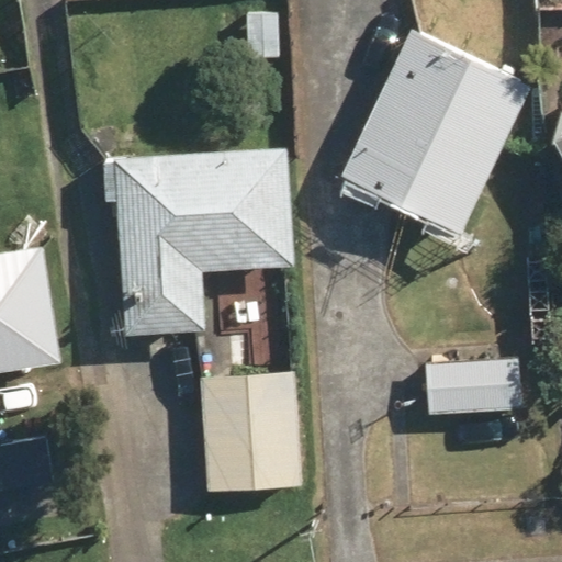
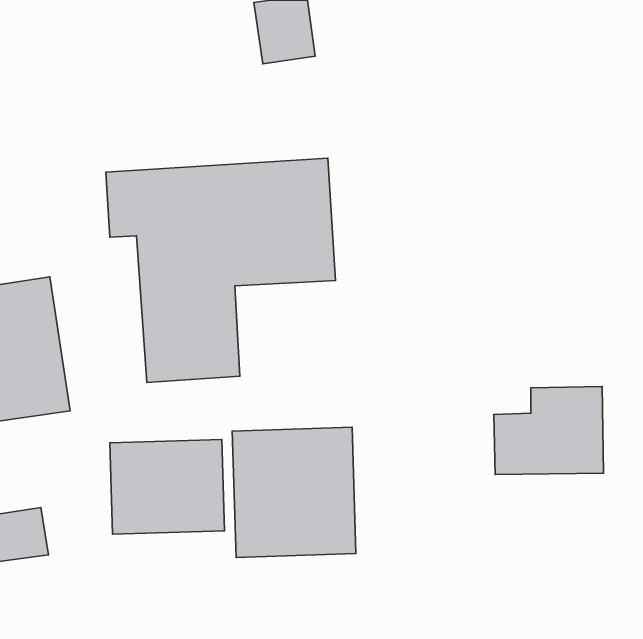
building: [344,27,533,231] -> none
building: none -> [110,439,225,534]

